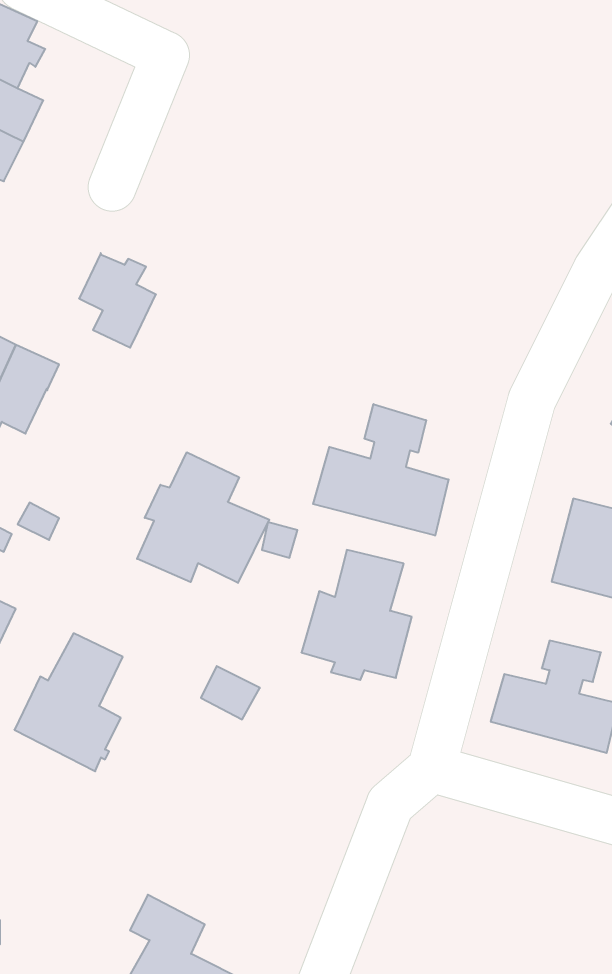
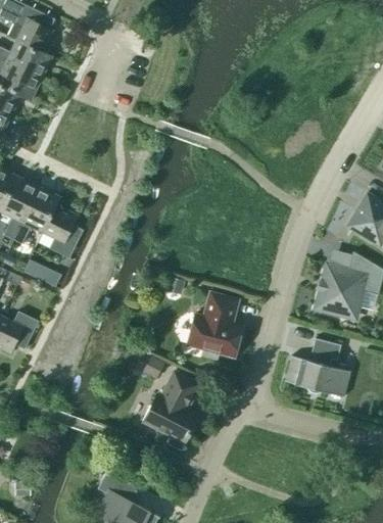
building: [79,253,156,348] -> [43,207,83,256]
building: [313,404,449,536] -> none
building: [137,452,269,583] -> none
building: [14,633,123,771] -> [143,371,199,442]

